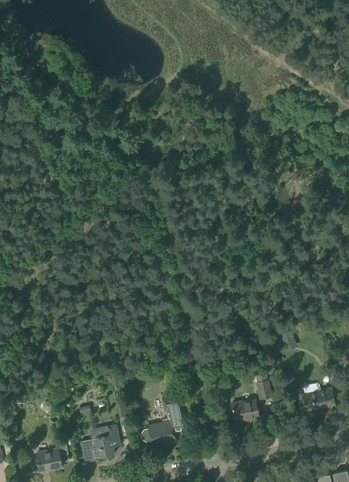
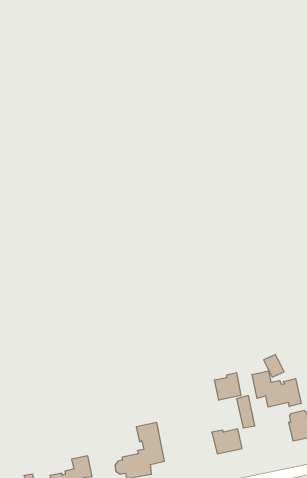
building: none -> [252,371,301,407]
building: none -> [214,373,241,400]

